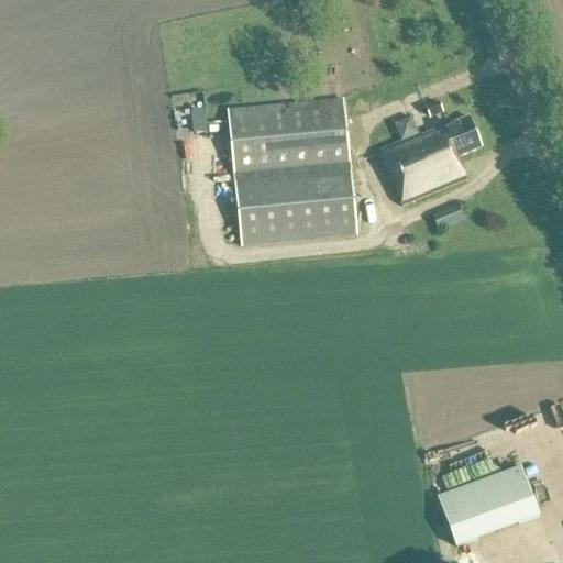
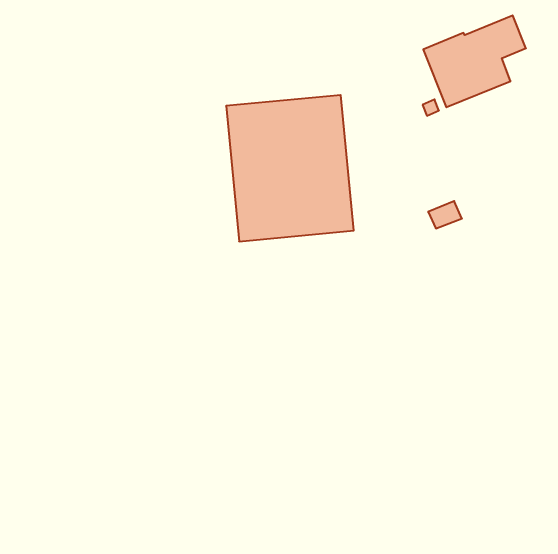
building: [378,114,482,207] -> [423,15,526,107]
building: [438,464,539,544] -> none

